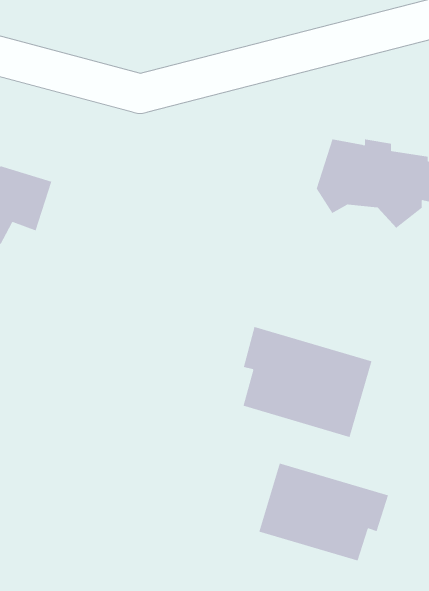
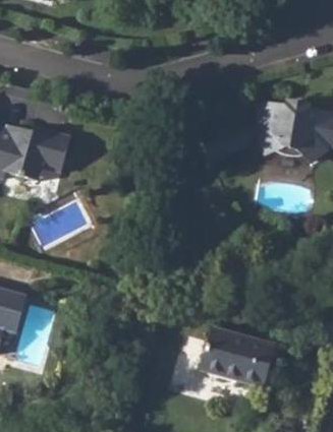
building: [243,326,372,438] -> none

